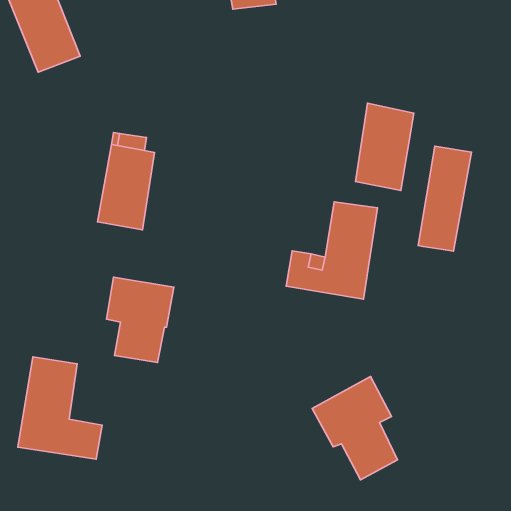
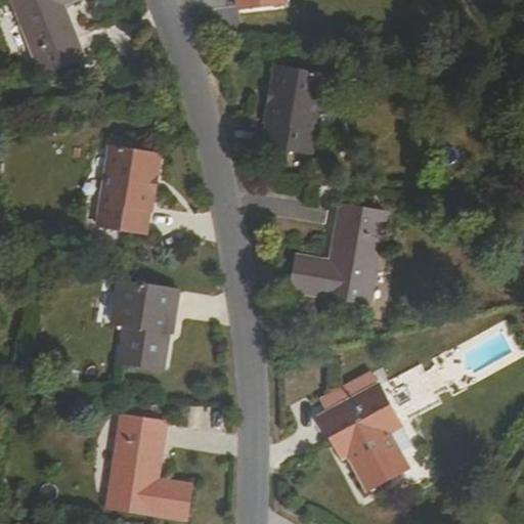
building: [356,103,414,190] -> [263,66,322,155]
building: [418,146,472,251] -> none
building: [18,357,102,459] -> [106,411,192,516]

